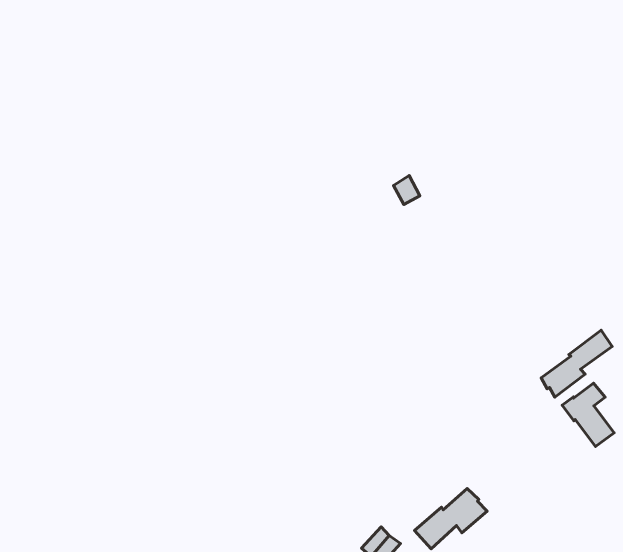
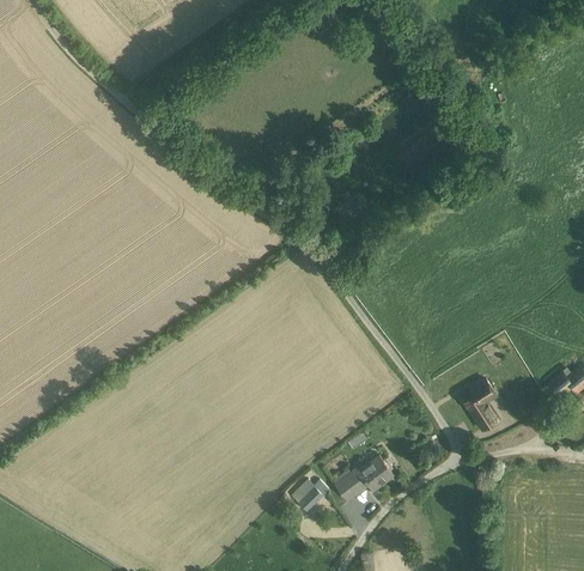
building: [541,330,612,397] -> none

